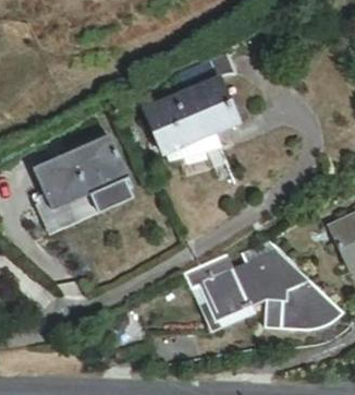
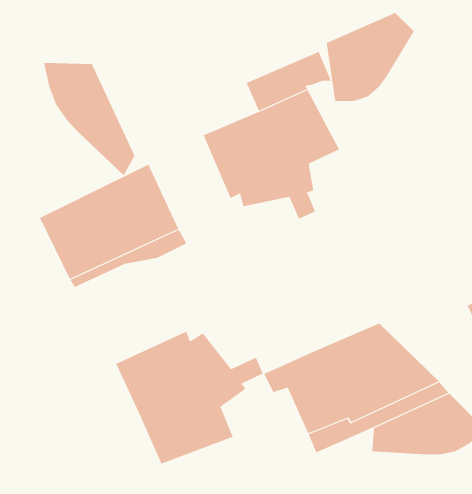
building: none -> [326,12,415,102]
building: none -> [43,62,135,176]
building: none -> [116,331,264,465]

